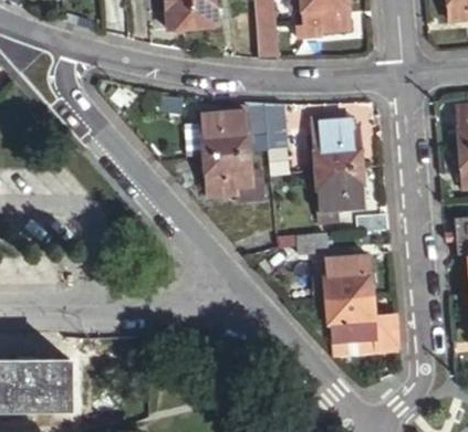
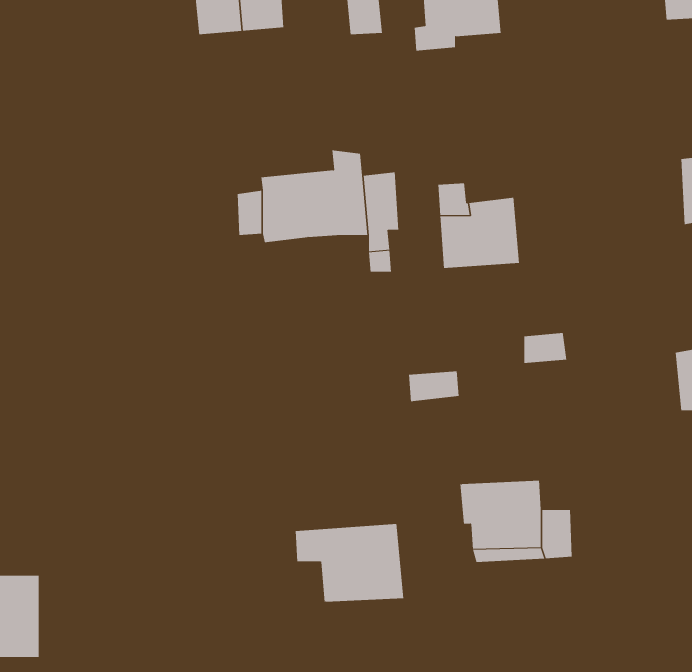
building: [206,152,253,197] -> none
building: [314,169,364,223] -> none
building: [306,255,373,303] -> [295,524,404,602]

